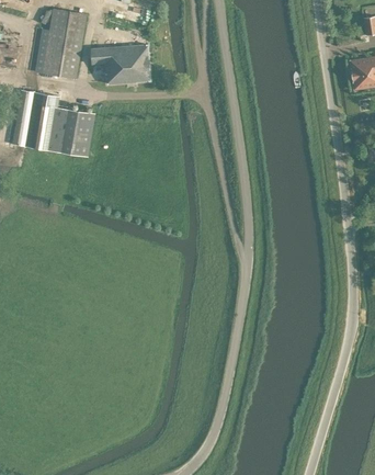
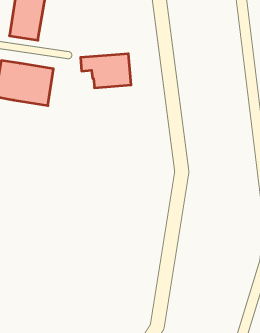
building: [89,43,149,83] -> [81,54,131,88]

